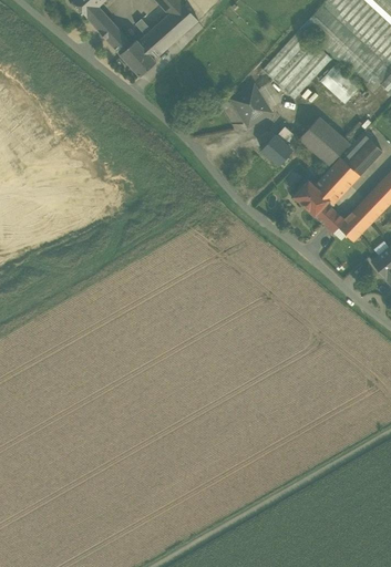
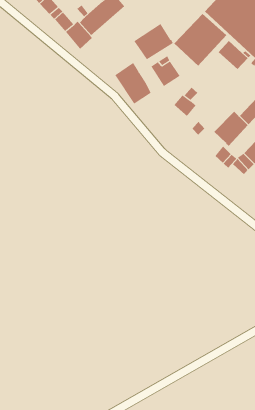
building: none -> [134,23,174,60]
building: none -> [115,63,152,105]
building: [298,117,349,165] -> none
building: [294,181,329,216] -> none

